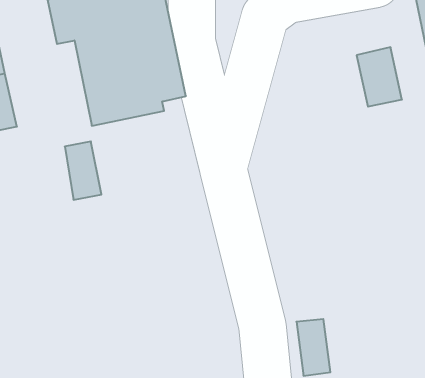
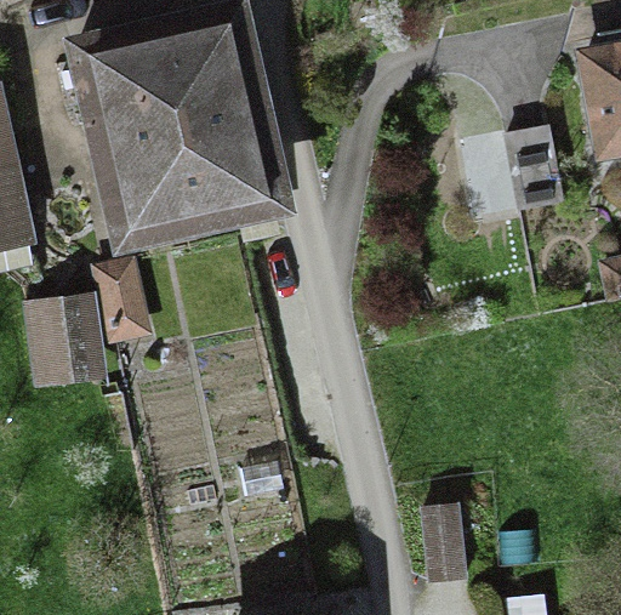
building: none -> [25,294,99,376]

